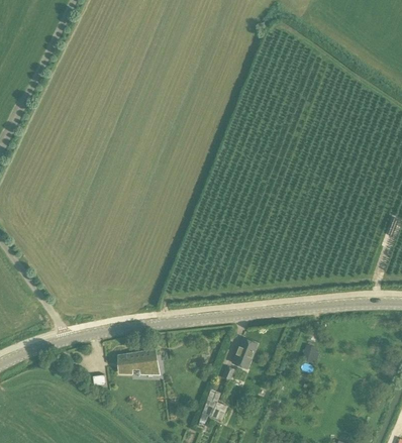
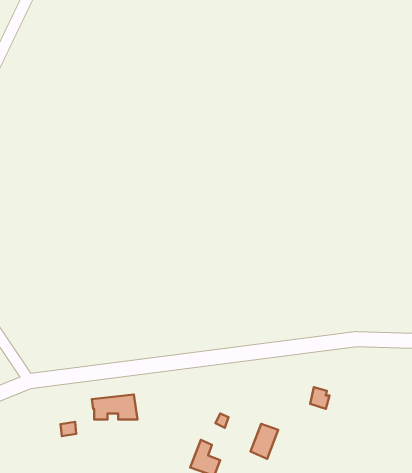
building: [232,339,256,368] -> [251,424,278,459]

